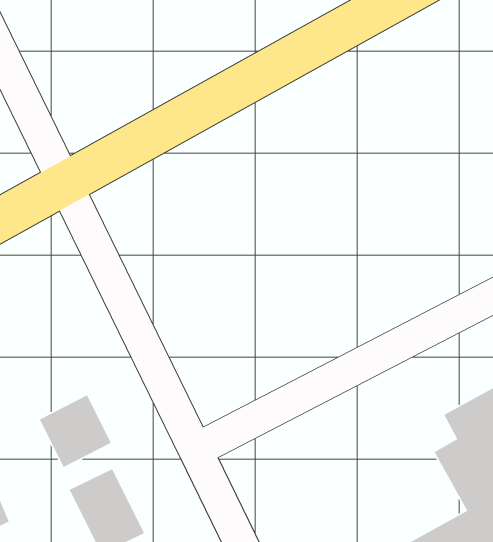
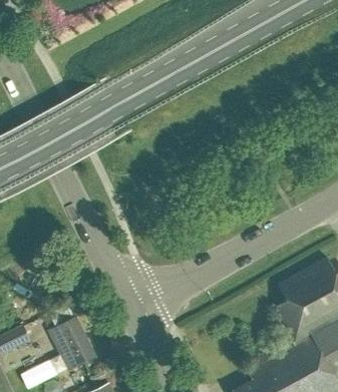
building: [39,394,112,468] -> none

